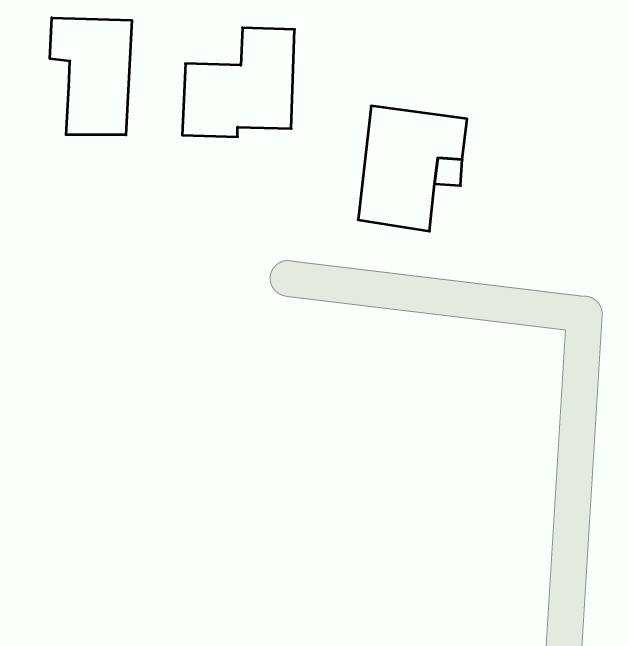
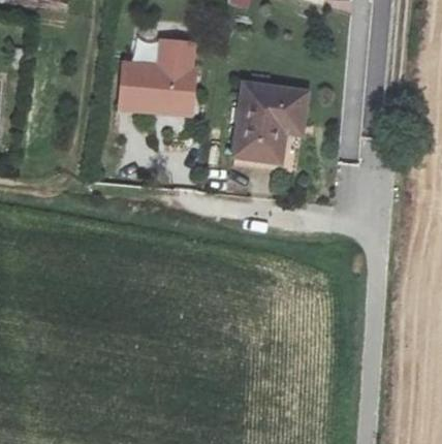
building: [50,18,132,135] -> none

